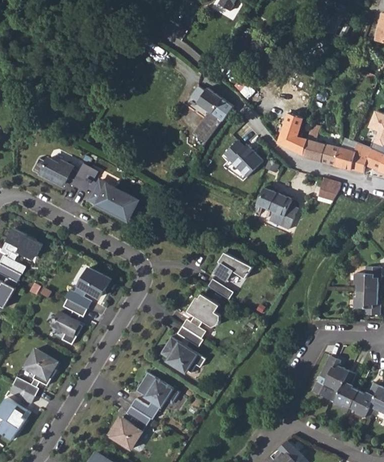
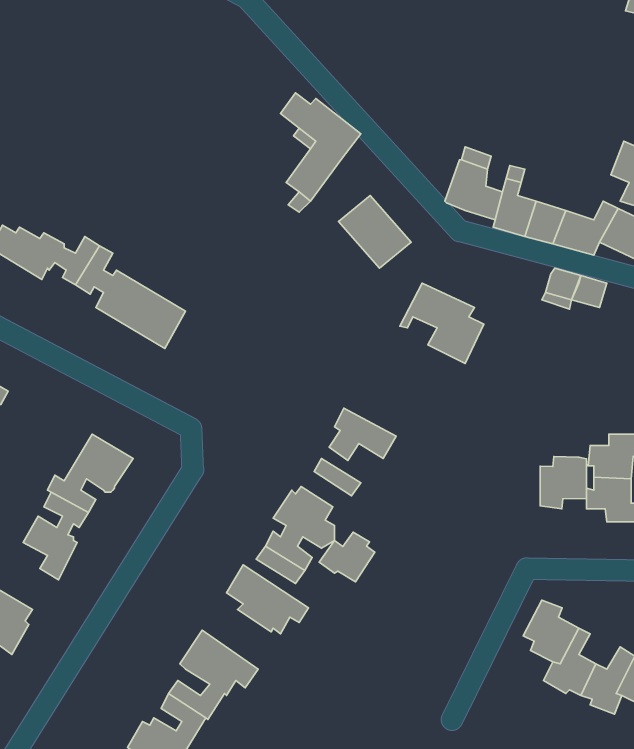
building: none -> [540,456,586,509]
building: none -> [319,532,375,582]

